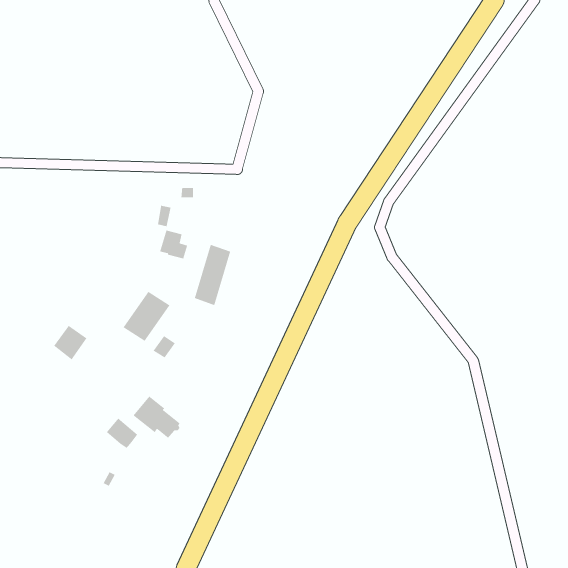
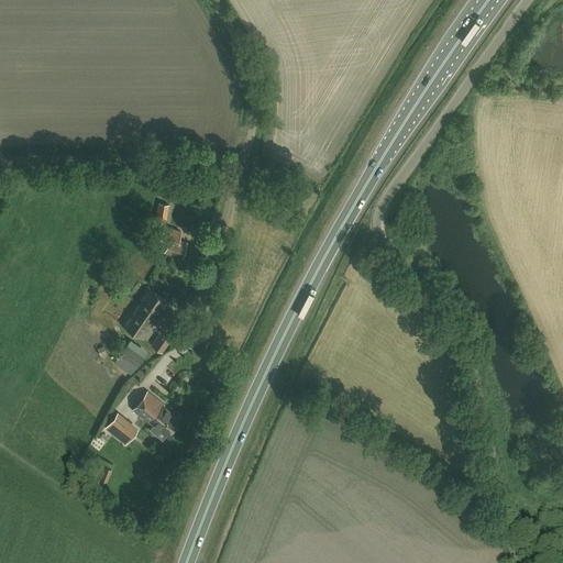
building: [194,244,231,306] -> none
building: [53,325,88,360] -> [115,339,150,374]

